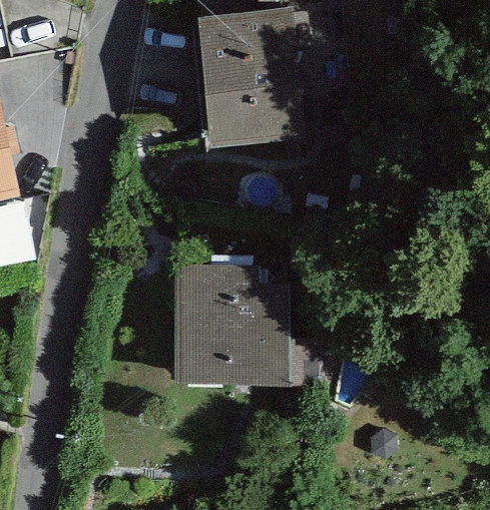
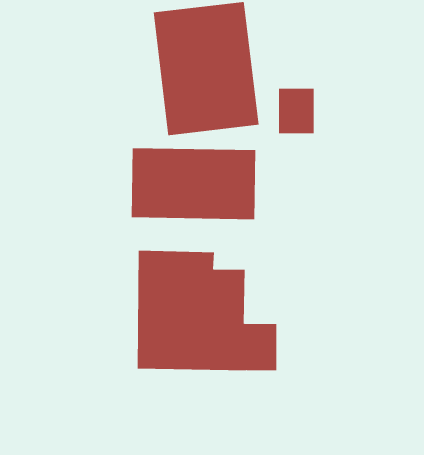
building: none -> [131,147,256,220]

